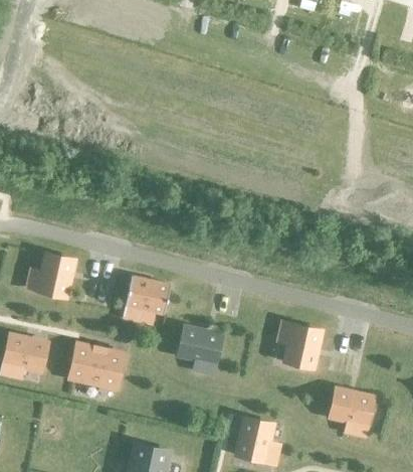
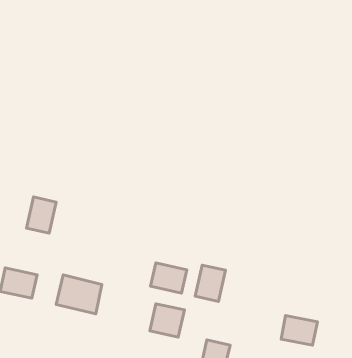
building: [123,277,168,320] -> none
building: [283,326,319,368] -> [195,265,226,302]
building: none -> [150,304,184,337]

